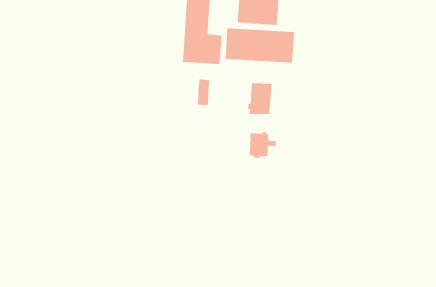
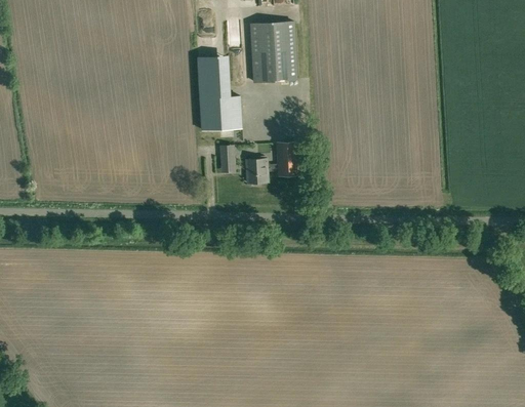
building: [225,27,294,64] -> none
building: [249,131,277,159] -> [245,157,275,186]

